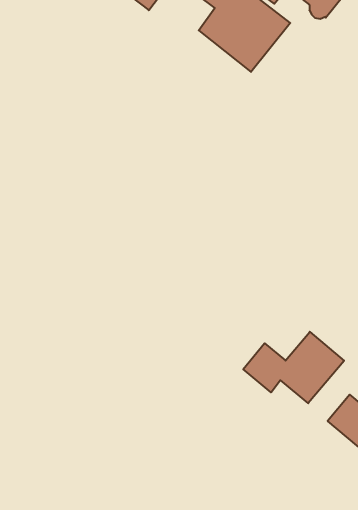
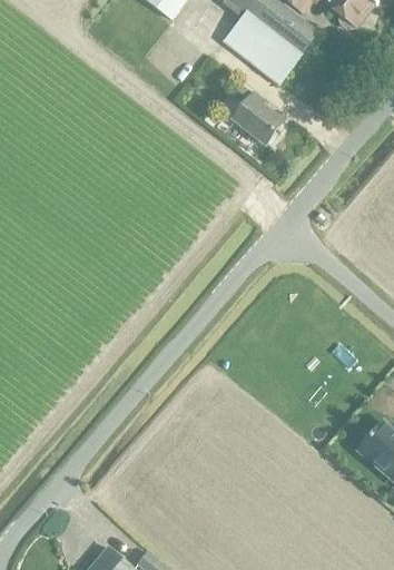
building: none -> [230,83,285,145]
building: [243,332,344,403] -> none

